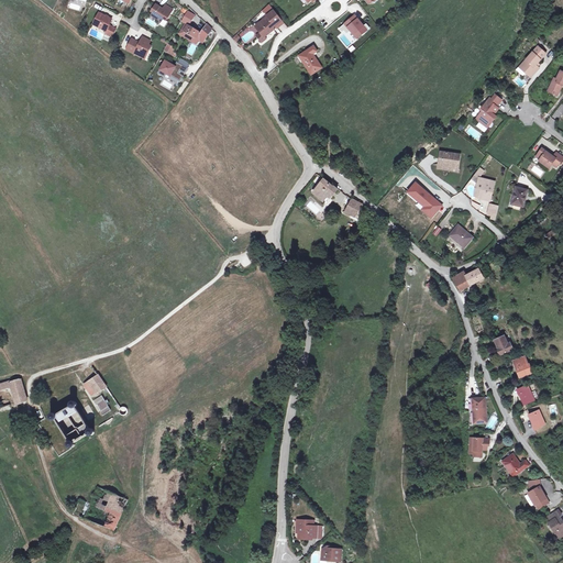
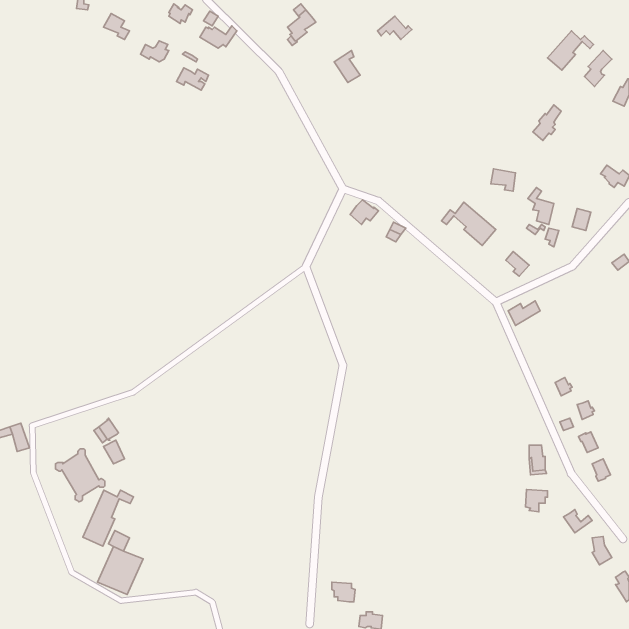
building: none -> [548,31,594,70]
building: none -> [83,490,134,546]

